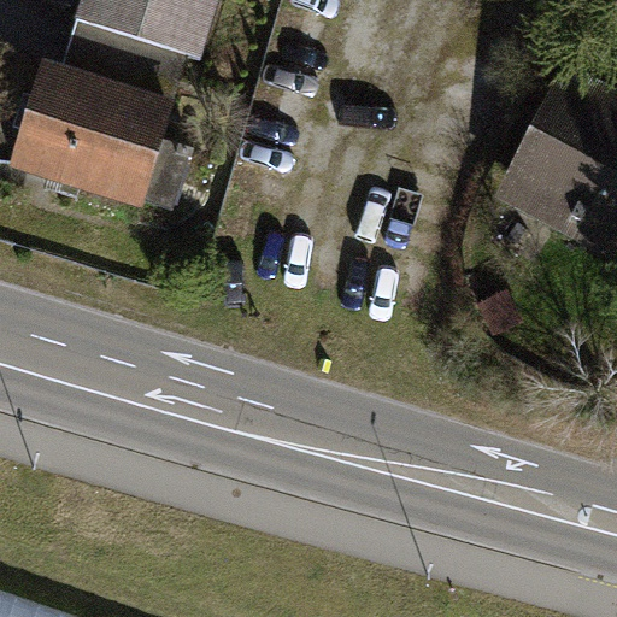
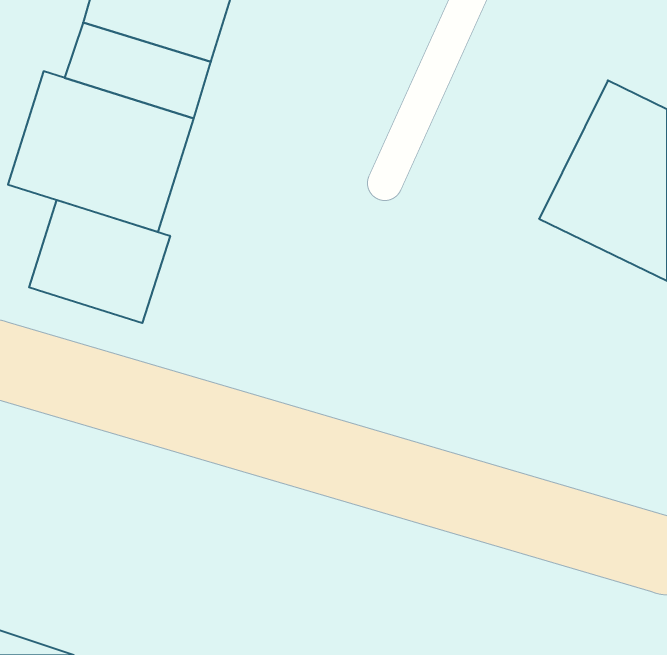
building: none -> [29,200,170,323]

